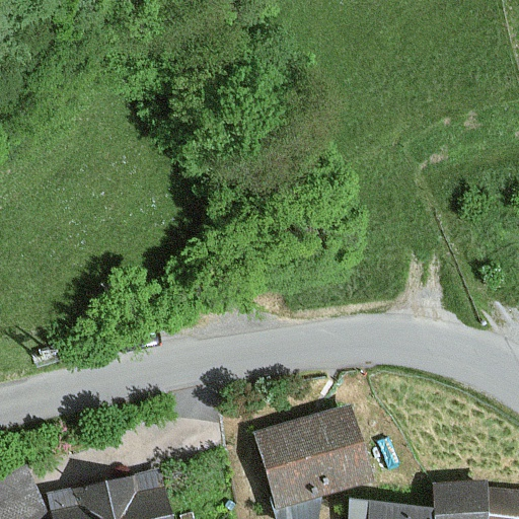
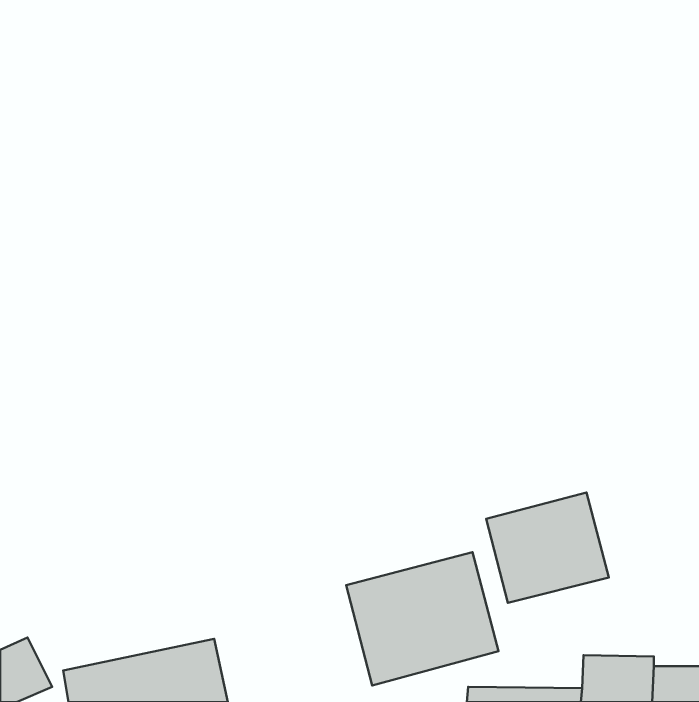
building: none -> [486,492,609,603]

